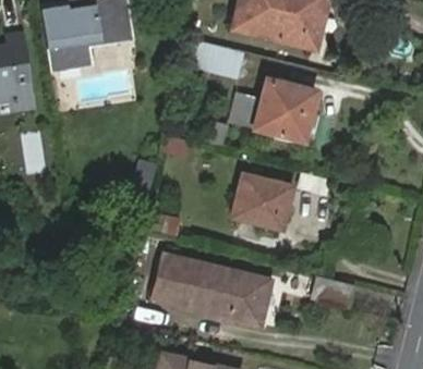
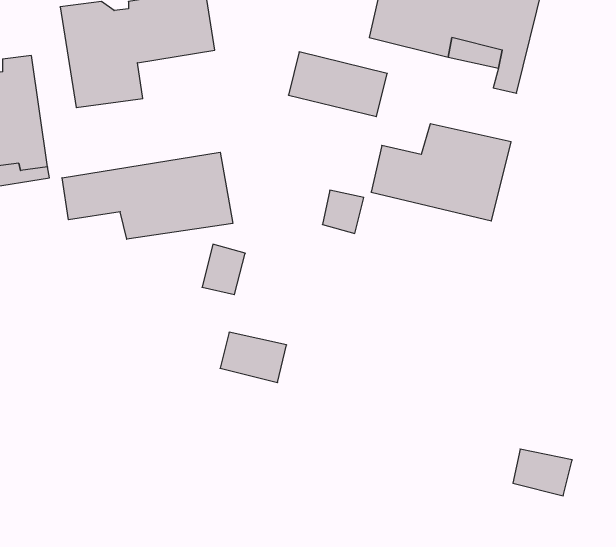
building: none -> [62,152,233,239]
building: [230,171,293,226] -> none
building: [154,257,266,323] -> none

